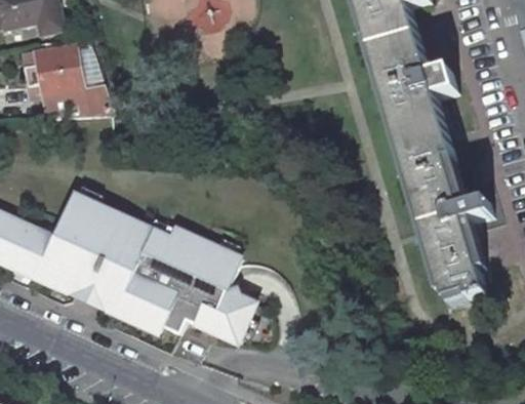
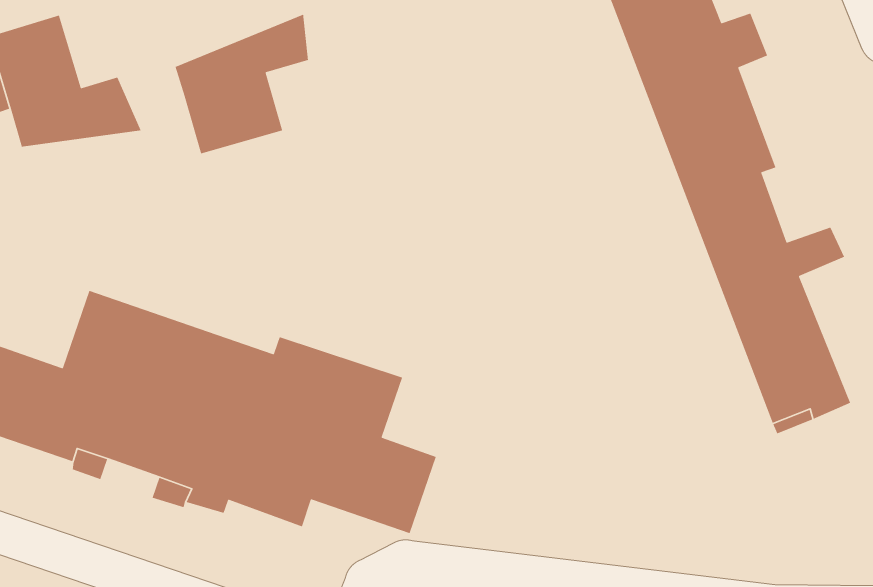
building: none -> [175,13,309,155]

